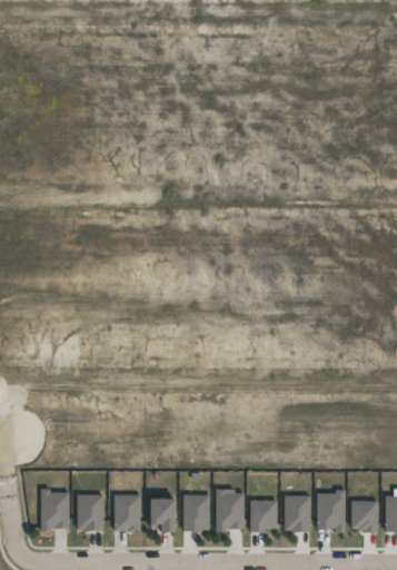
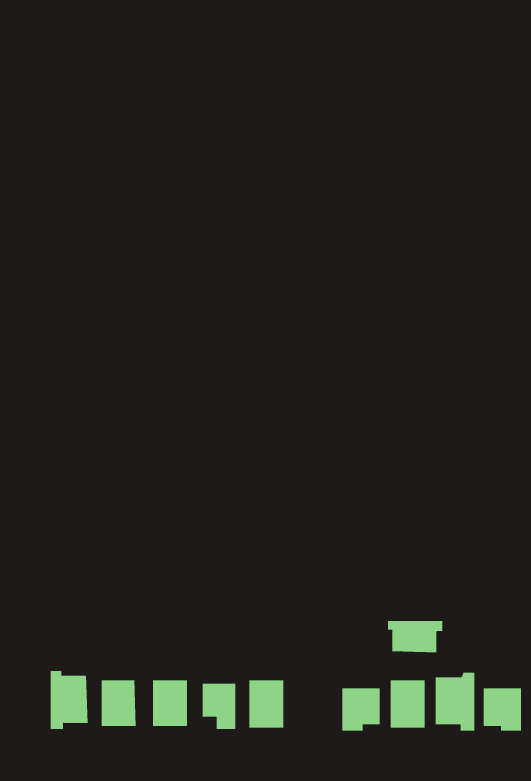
building: none -> [388,620,443,653]
building: [216,489,245,531] -> none

